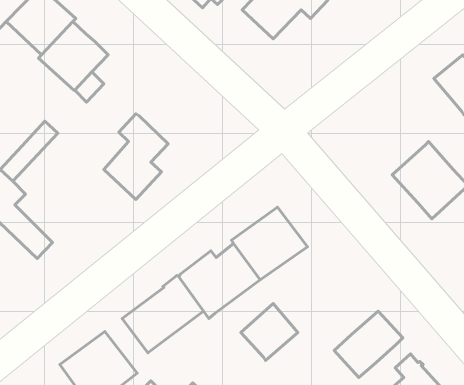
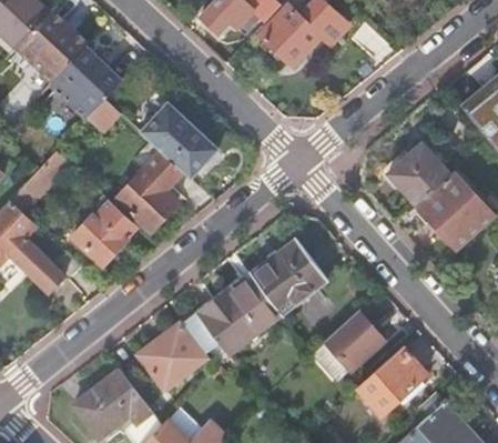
building: none -> [138,99,228,179]
building: none -> [388,143,450,205]
building: none -> [70,199,138,265]
building: [241,304,298,360] -> [325,311,384,370]

